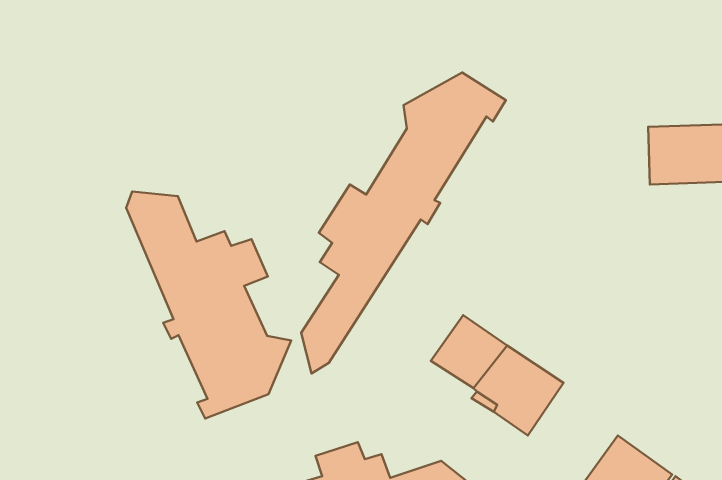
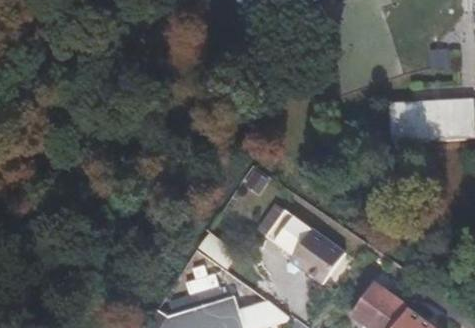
building: [301,72,506,373] -> none
building: [126,192,291,418] -> none

